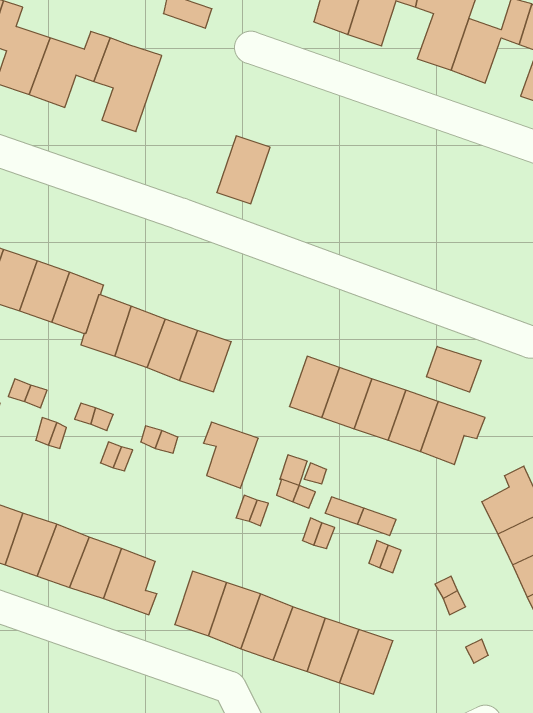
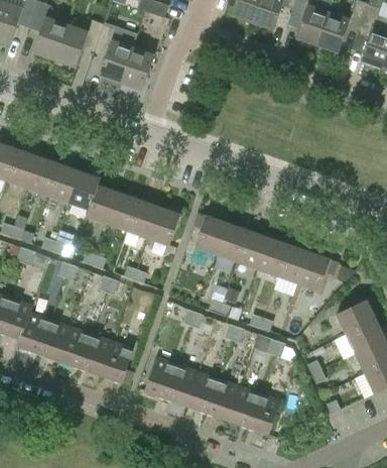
building: [217,136,270,204] -> [120,47,153,90]
building: [427,346,481,392] -> none
building: [203,422,258,488] -> [192,213,227,254]

